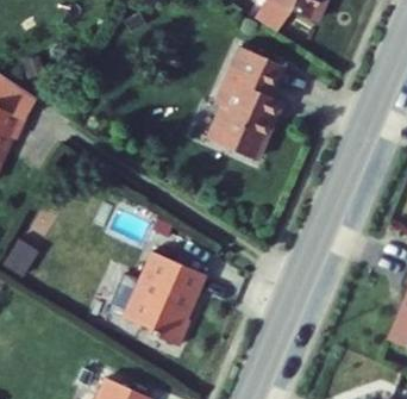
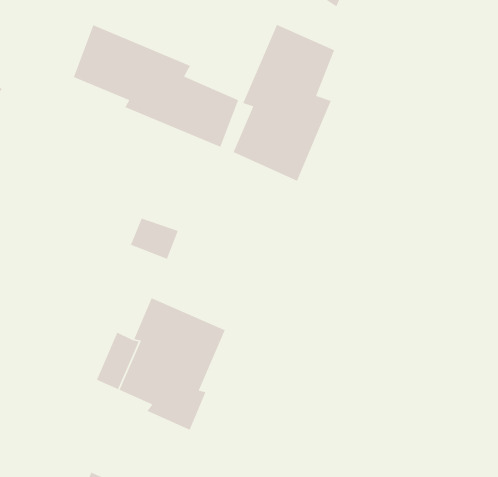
building: none -> [73,24,239,148]

